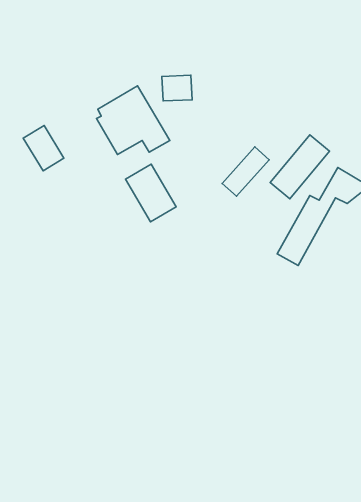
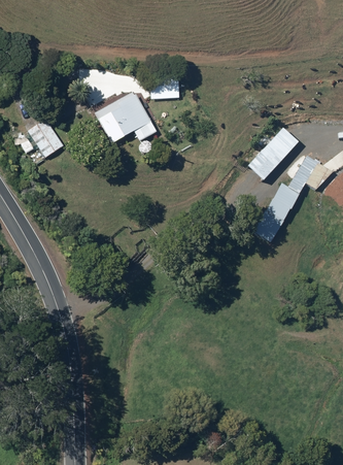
building: [222,147,269,196] -> none
building: [125,164,176,222] -> none

